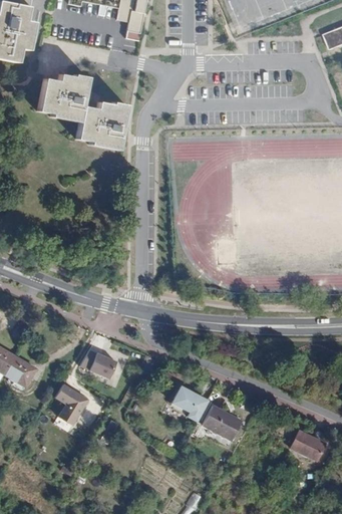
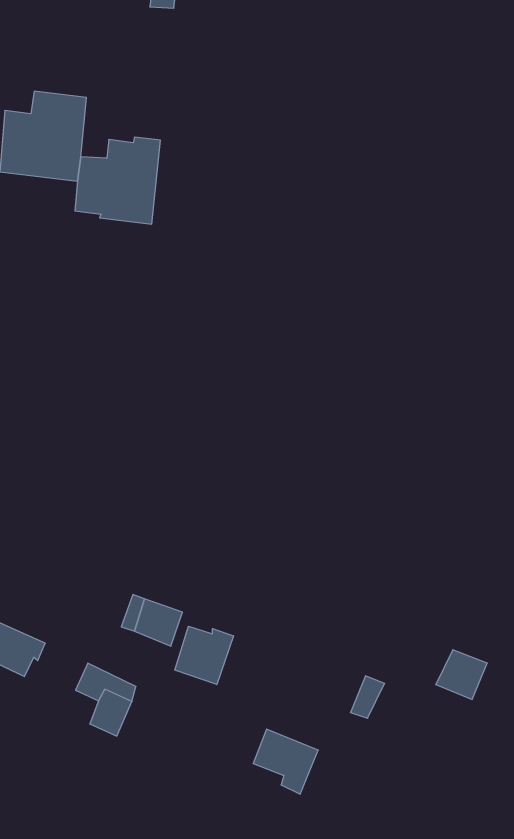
building: none -> [175,626,233,685]
building: [173,386,209,423] -> [253,729,318,794]
building: [212,410,241,438] -> [436,650,487,700]

